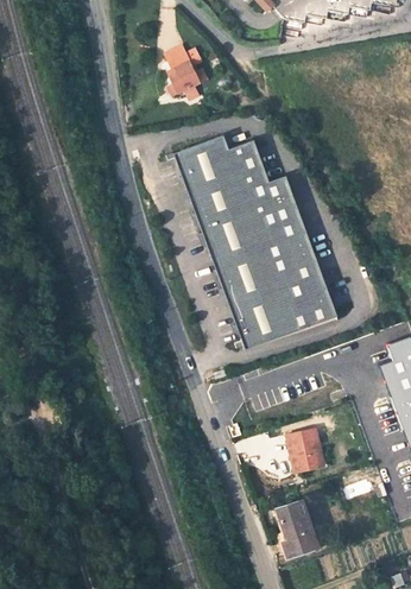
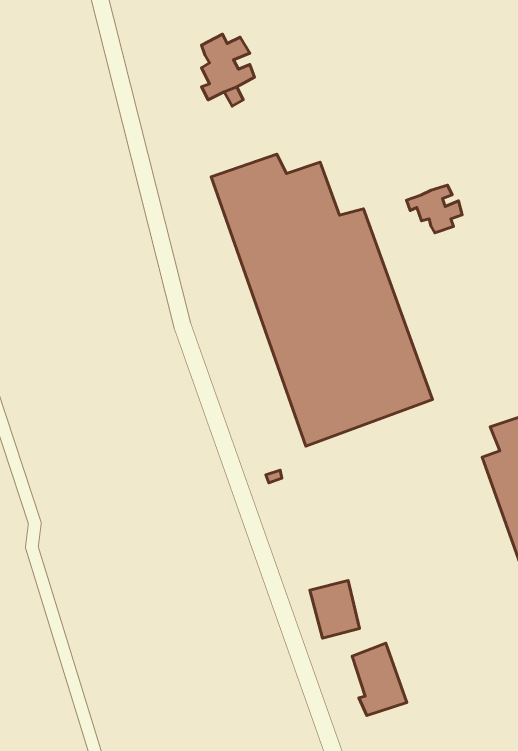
building: none -> [407,185,462,233]
building: [287,425,324,468] -> [310,580,360,638]

